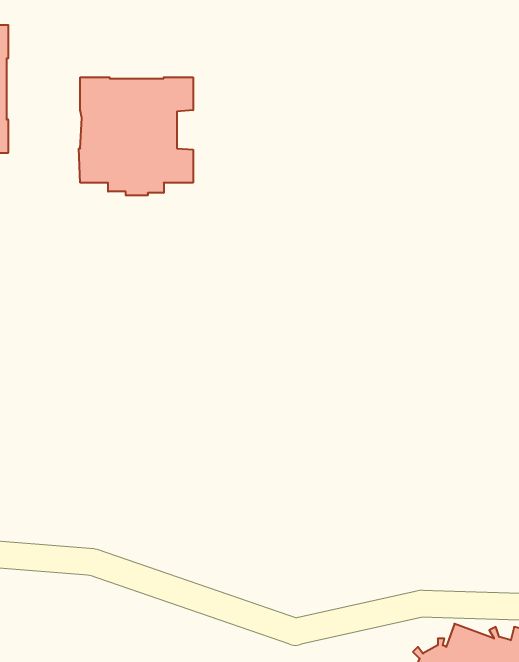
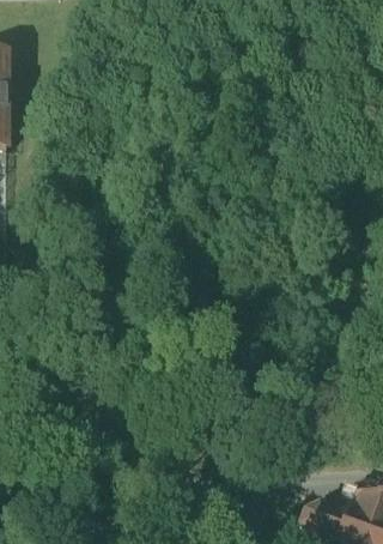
building: [79,77,193,195] -> none

